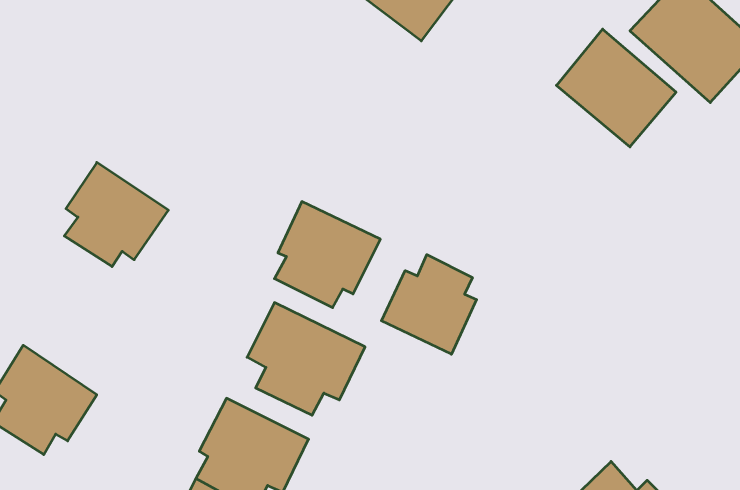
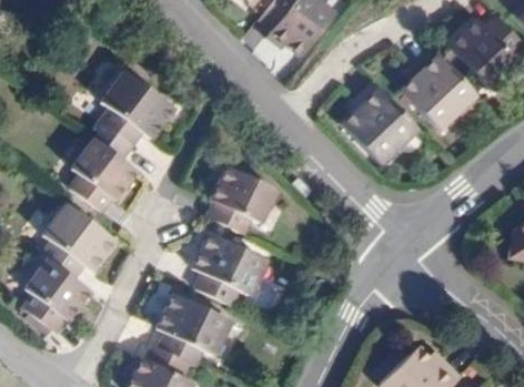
building: none -> [93,72,172,152]
building: none -> [336,84,416,163]
building: [381,255,477,354] -> none
building: none -> [40,207,114,278]

